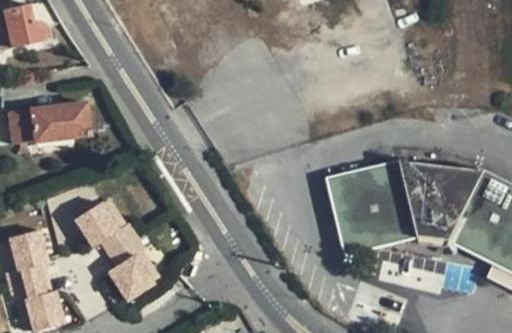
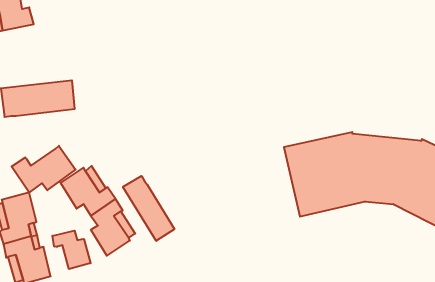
building: none -> [12,146,76,193]
building: none -> [123,176,174,241]
building: none -> [52,231,91,269]

